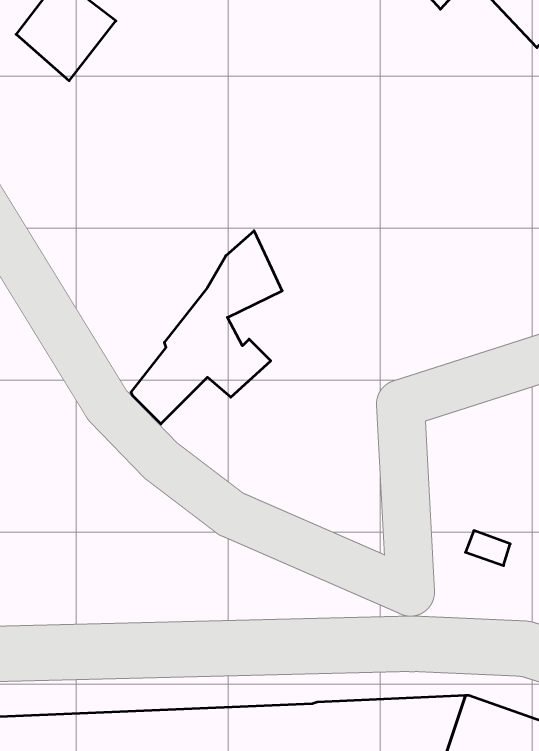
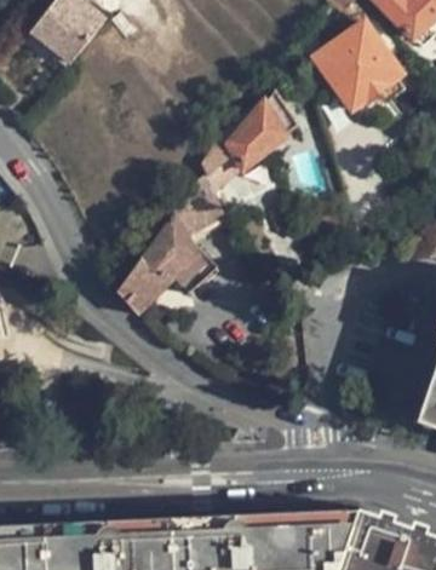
building: none -> [312,25,398,113]
building: none -> [199,93,294,196]

